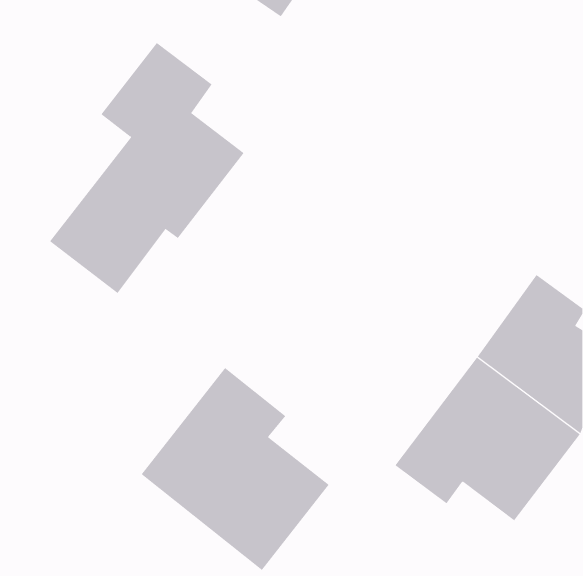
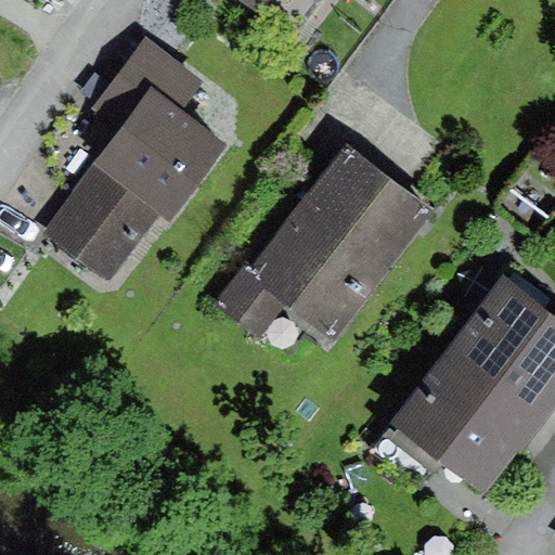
building: none -> [208,146,429,339]
building: [141,367,329,571] -> none

